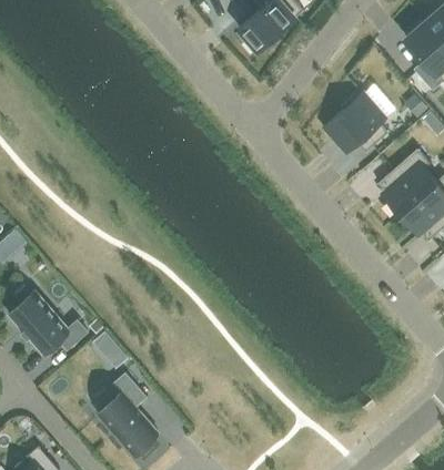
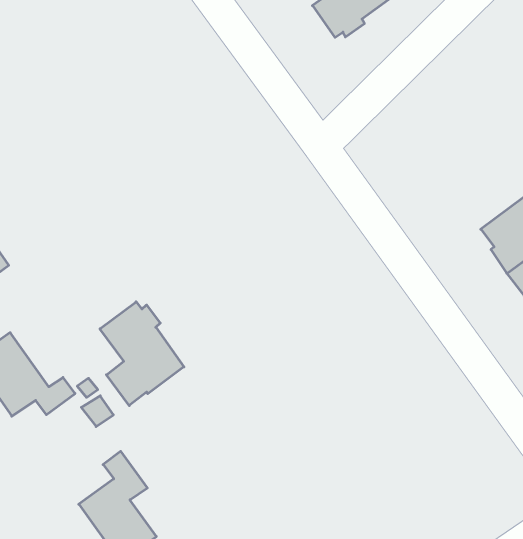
building: [323,83,394,152] -> none
building: none -> [100,302,184,406]

